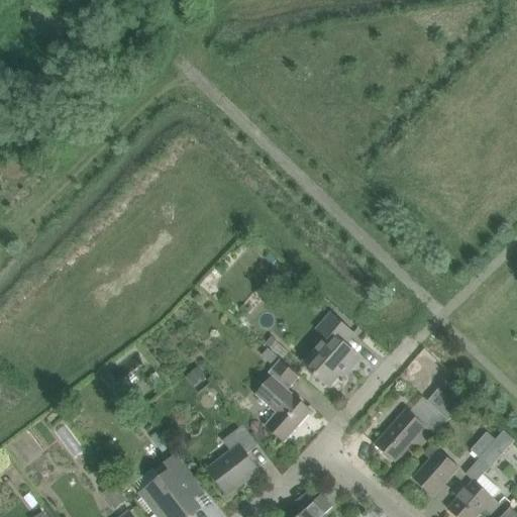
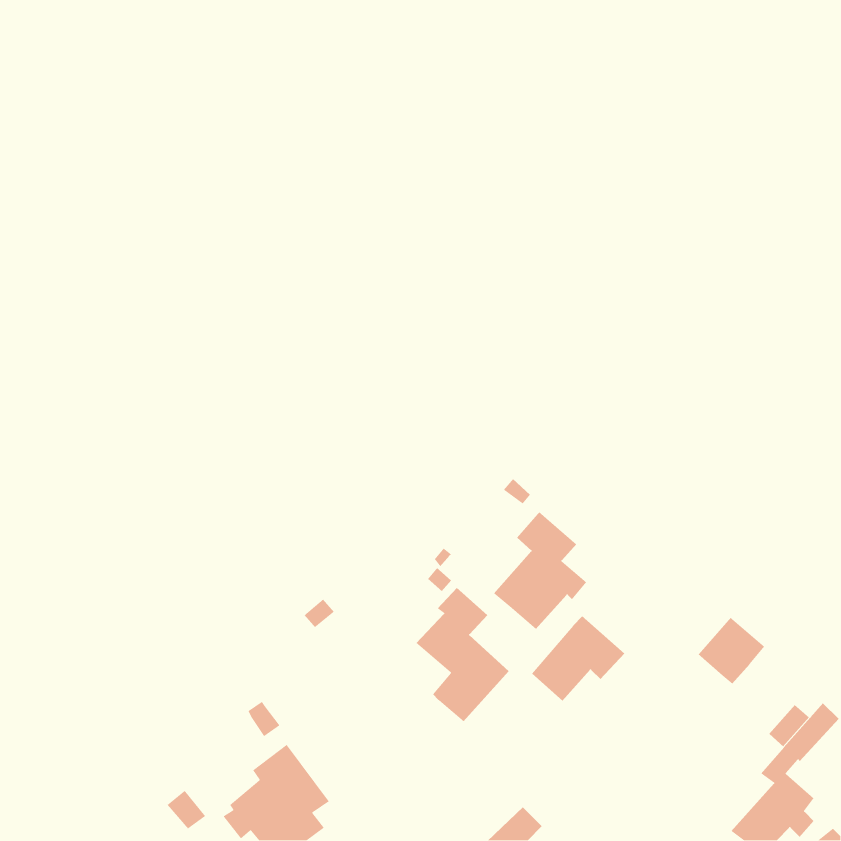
building: [375,409,432,461] -> [531,616,625,701]
building: [207,424,258,494] -> none
building: [413,443,458,496] -> none

